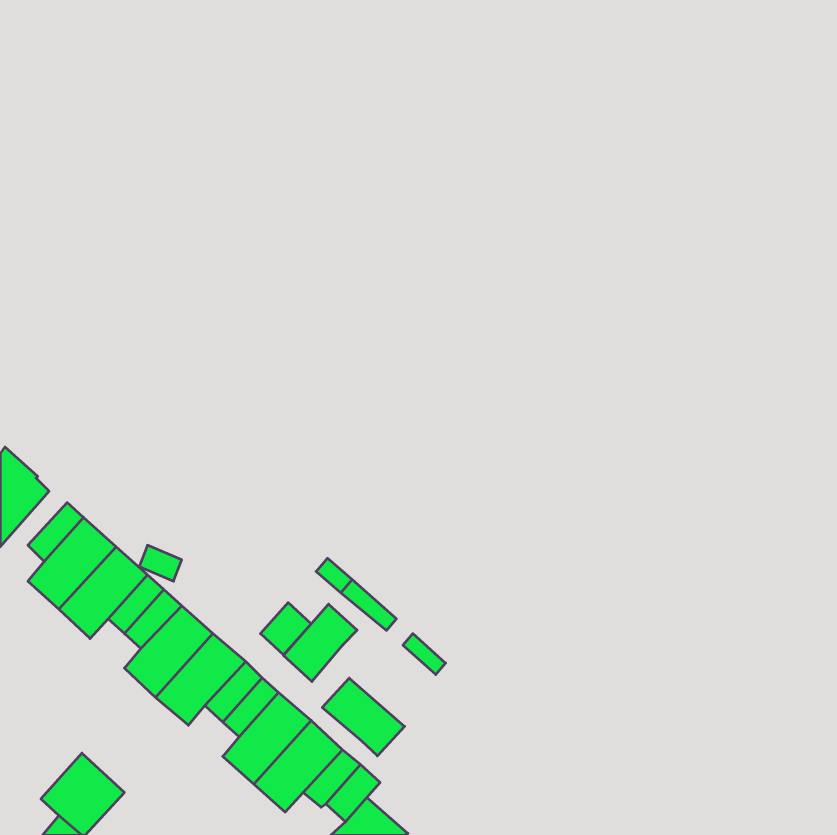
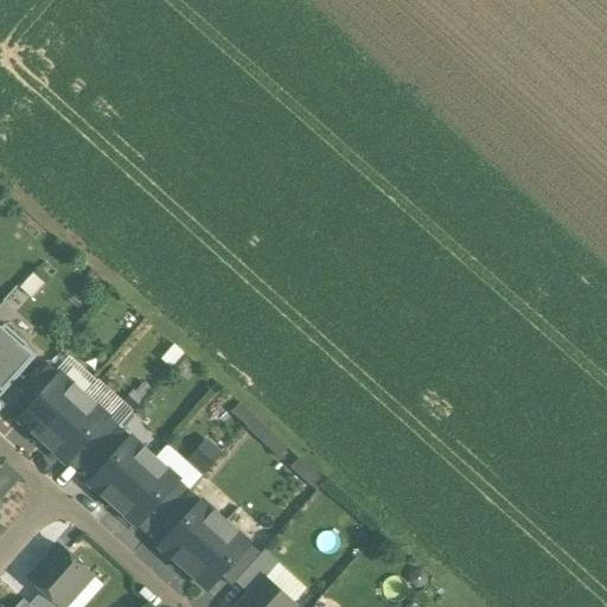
building: [283,604,357,682] -> none
building: [322,678,405,756] -> none

